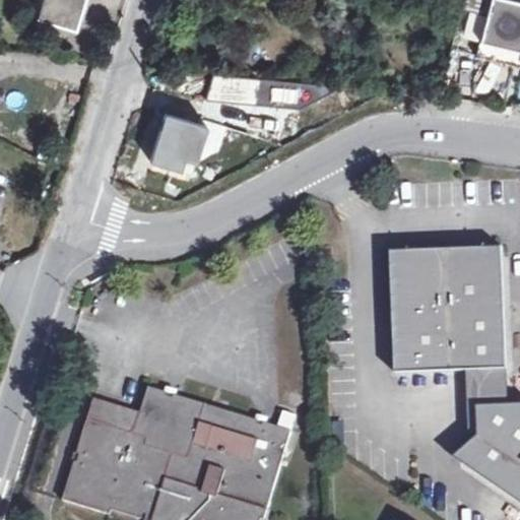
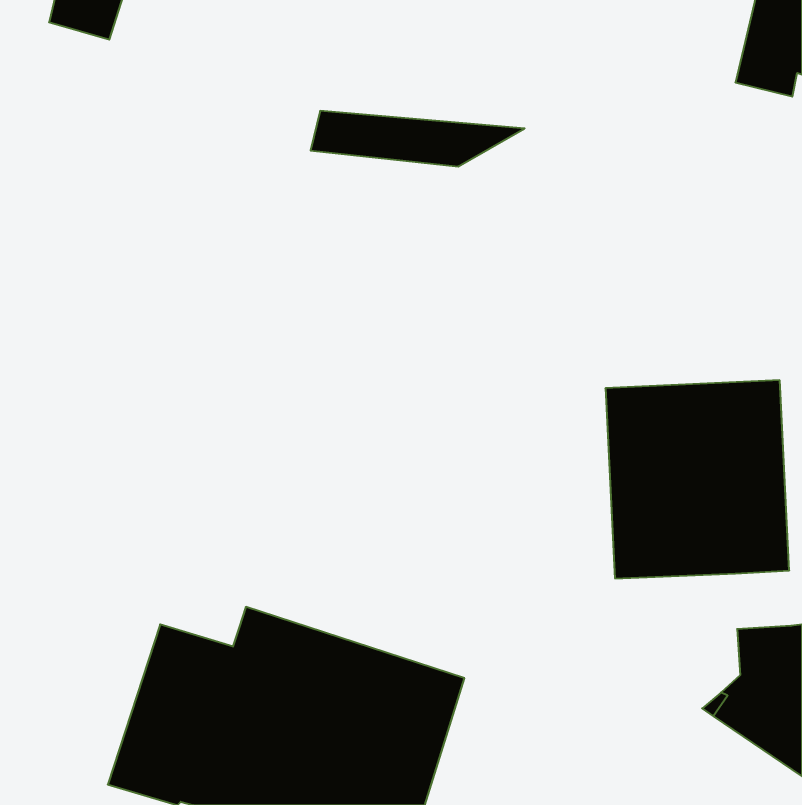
building: [144,111,202,172] -> none
building: [471,366,507,403] -> none

